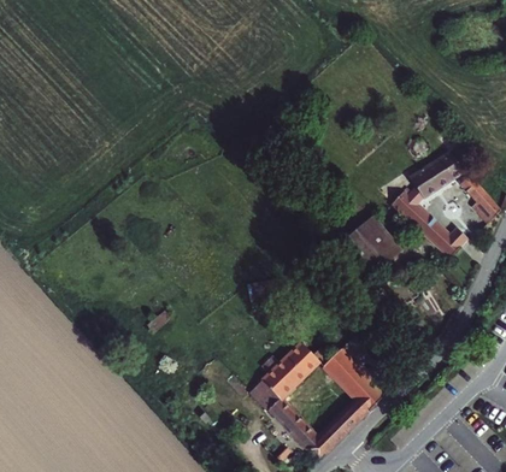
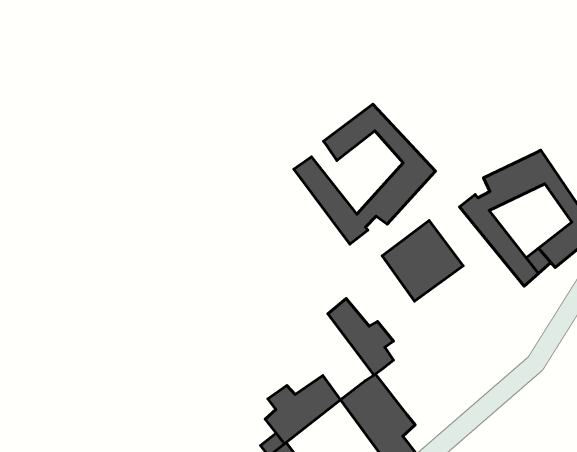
building: none -> [294,104,436,244]
building: none -> [328,299,394,375]

